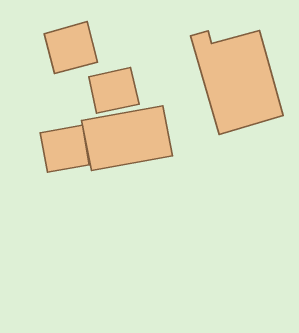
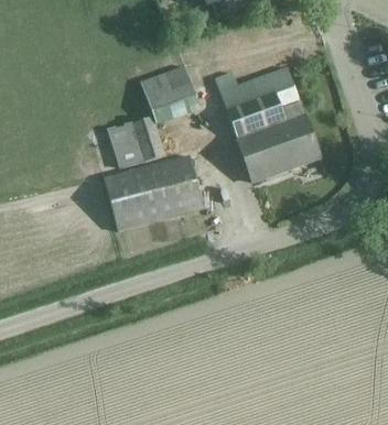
building: [44,21,97,74] -> [140,65,200,123]
building: [40,125,89,172] -> none

